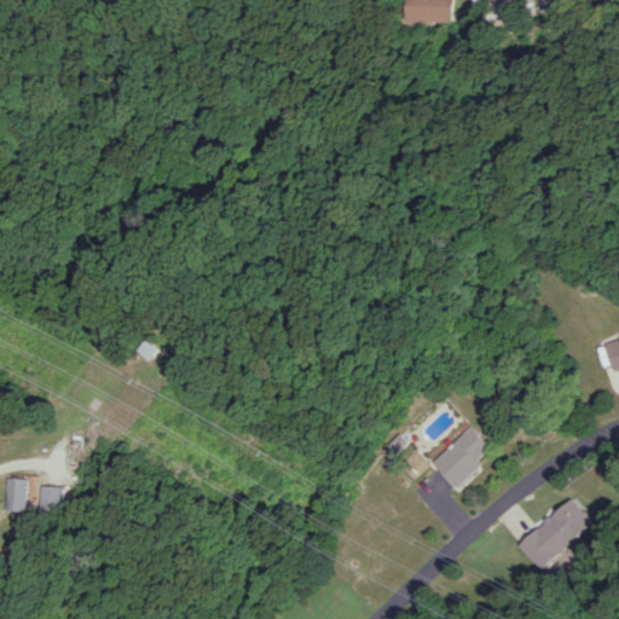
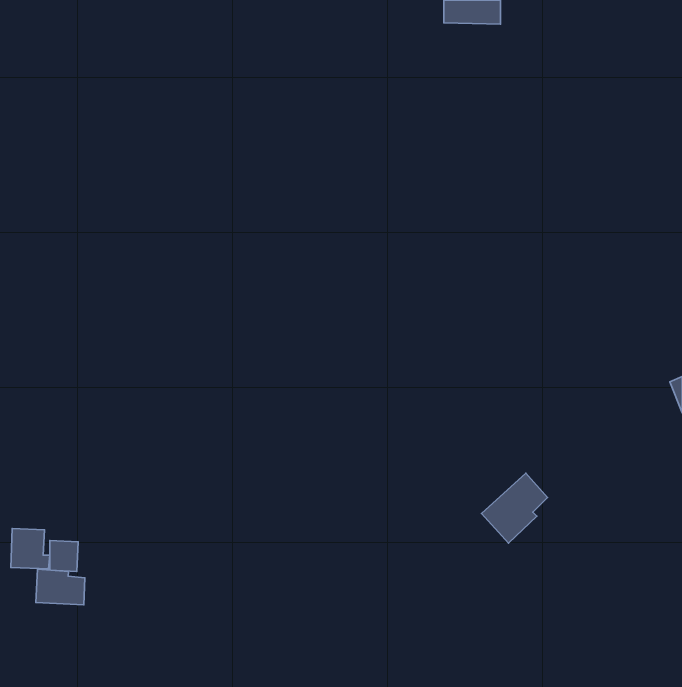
building: [514,498,595,568] -> none
building: none -> [36,569,85,605]

